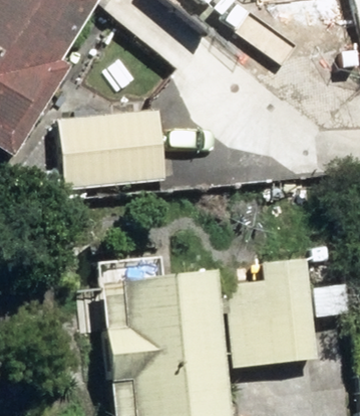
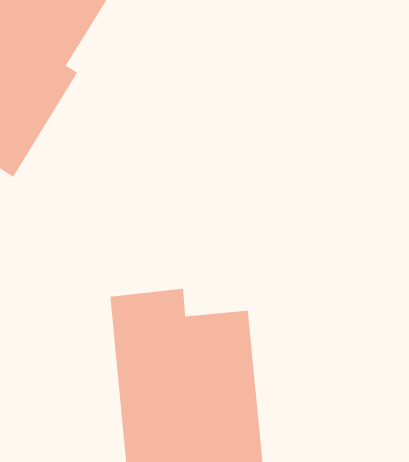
building: [56,109,164,190] -> none
building: [226,274,318,368] -> none

